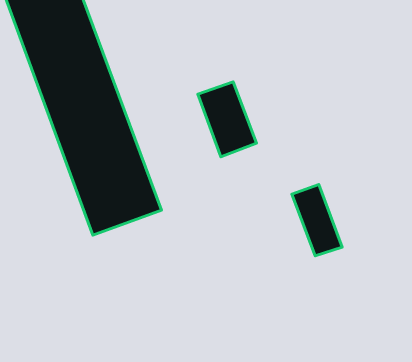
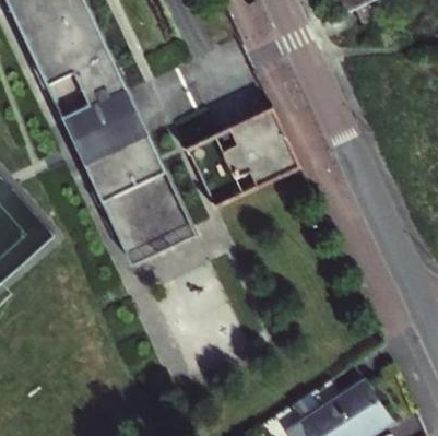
building: none -> [190,132,246,202]
building: [292,185,342,256] -> [251,107,301,173]

